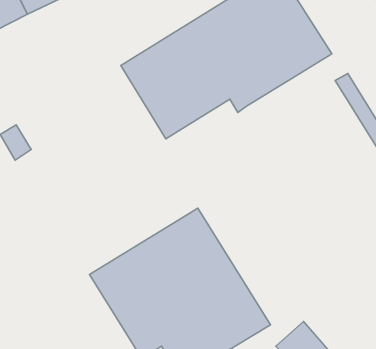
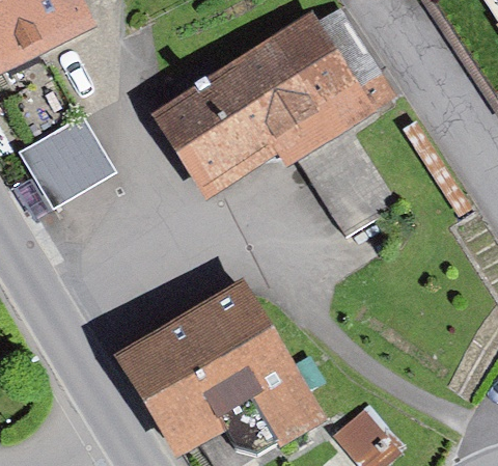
building: none -> [18,115,115,211]
building: none -> [299,126,402,235]

